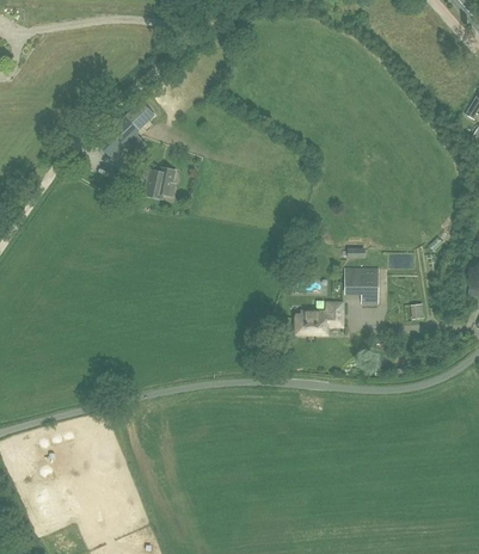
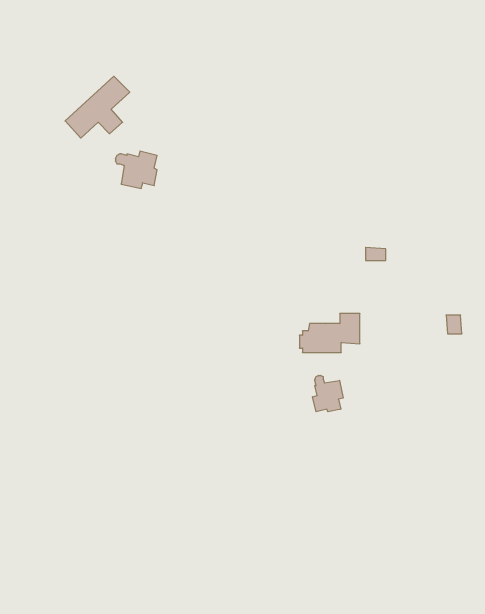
building: [344,265,379,302] -> none
building: none -> [313,375,343,412]

